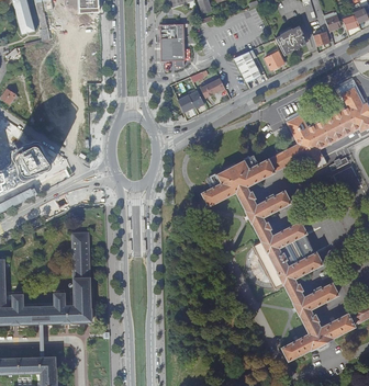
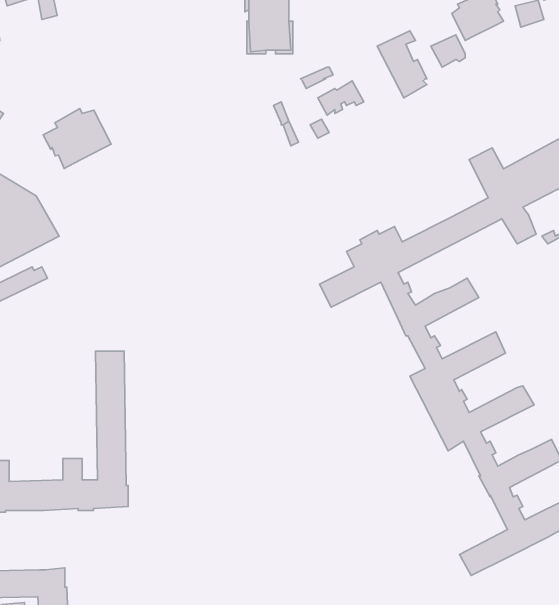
building: none -> [43,109,111,168]
building: [278,234,314,266] -> none

